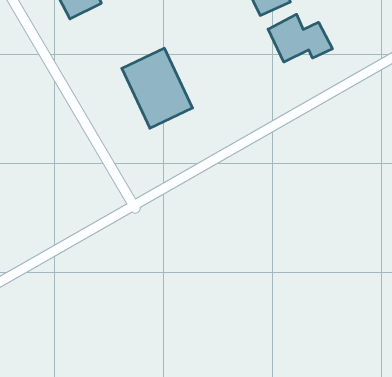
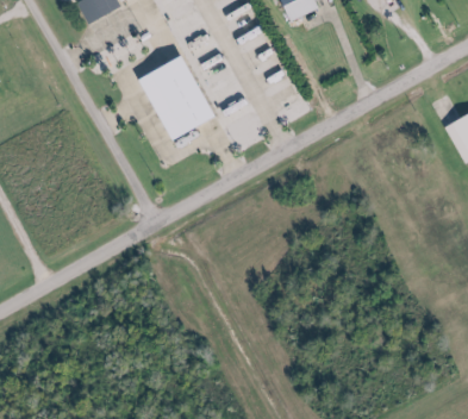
building: [268,14,332,62] -> none

